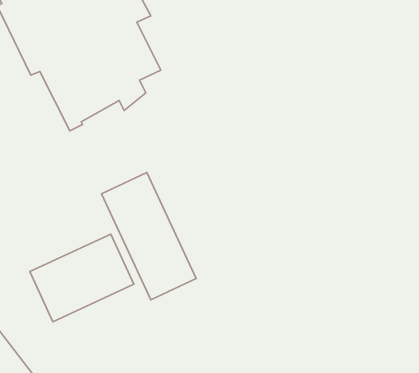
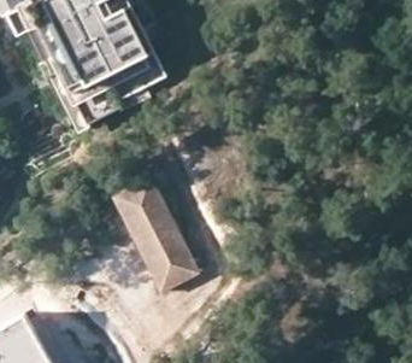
building: [30,234,134,322] -> none

